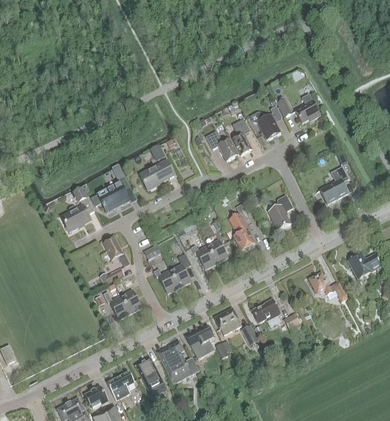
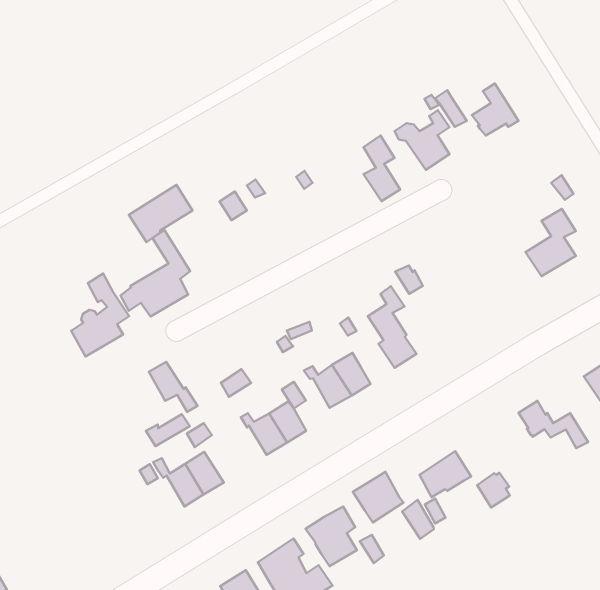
building: [206,130,238,160] -> none
building: [139,159,175,190] -> [129,185,193,242]
building: [268,195,293,230] -> none

